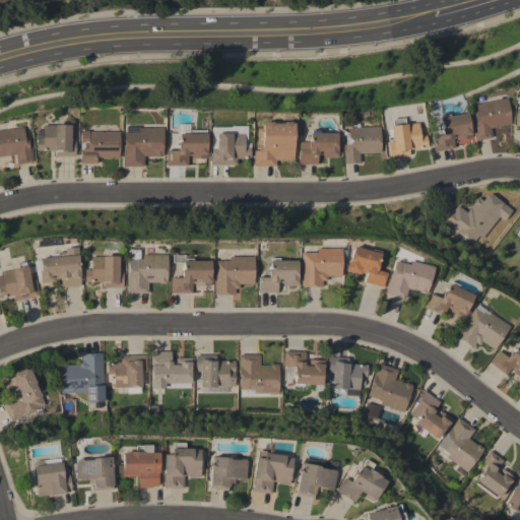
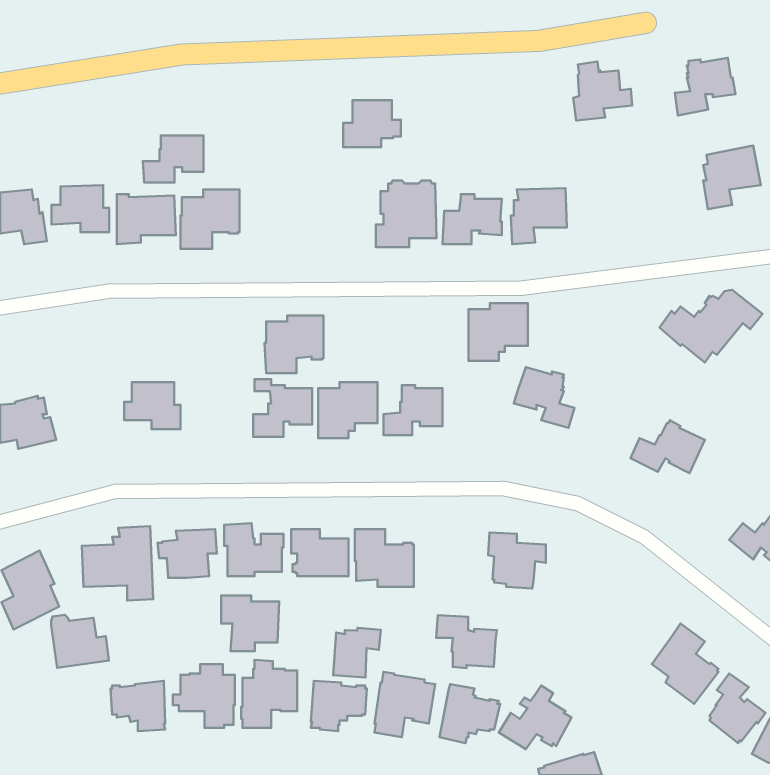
building: [434,113,474,151] -> [675,58,735,116]
building: [390,117,430,156] -> [573,61,632,121]
building: [168,133,208,165] -> [143,135,203,182]
building: [212,133,251,165] -> [343,100,401,147]
building: [41,247,82,287] -> none
building: [304,248,343,286] -> [469,303,528,361]
building: [128,254,168,292] -> [265,316,324,373]
building: [387,260,435,299] -> none
building: [458,305,511,349] -> none
building: [285,350,326,386] -> [436,615,497,668]
building: [369,363,413,412] -> none
building: [411,390,453,439] -> none
building: none -> [221,596,279,651]
building: none -> [333,628,381,678]
building: [35,460,73,496] -> [51,615,109,668]

